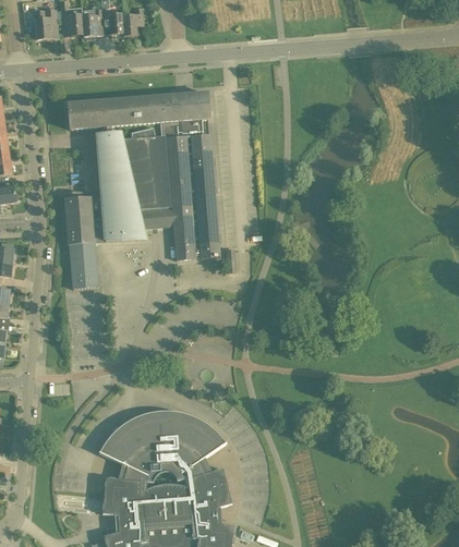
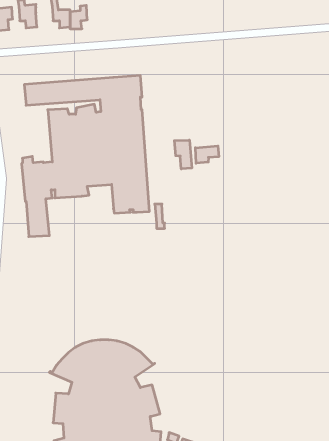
building: [82,8,102,36] -> none
building: none -> [174,140,192,169]
building: none -> [195,146,219,163]

